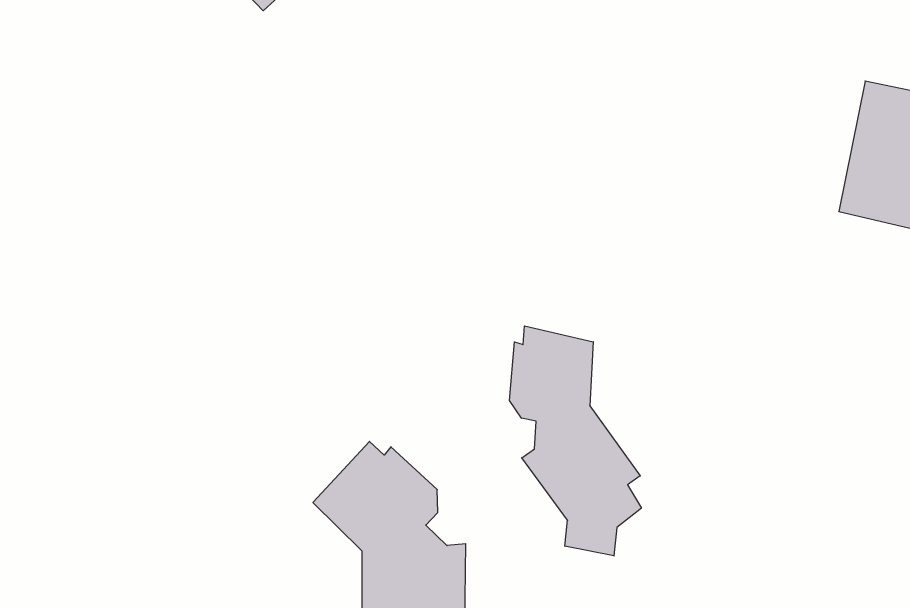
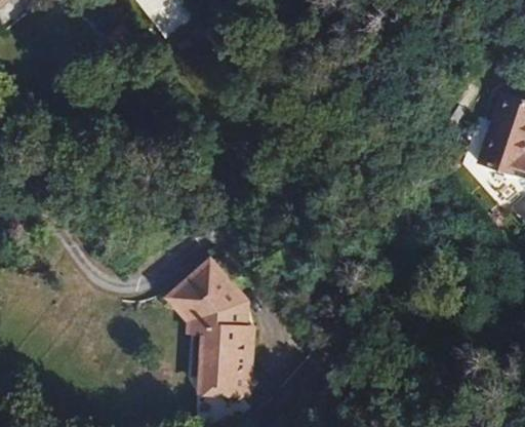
building: [509,326,641,556] -> none

